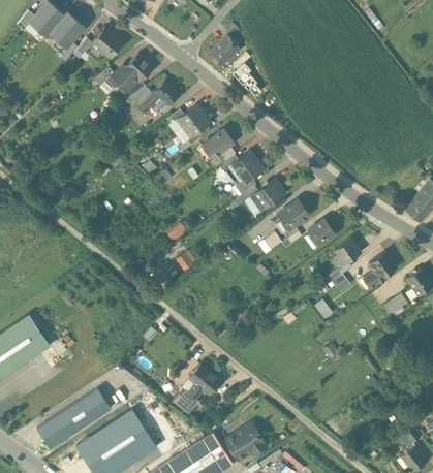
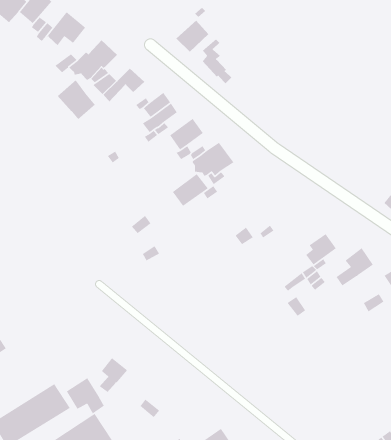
building: none -> [57,79,96,120]
building: [251,180,286,212] -> [172,173,209,207]
building: [278,200,310,230] -> none
building: [308,218,337,246] -> none
building: [188,365,216,399] -> [99,357,128,393]
building: none -> [66,377,106,414]

